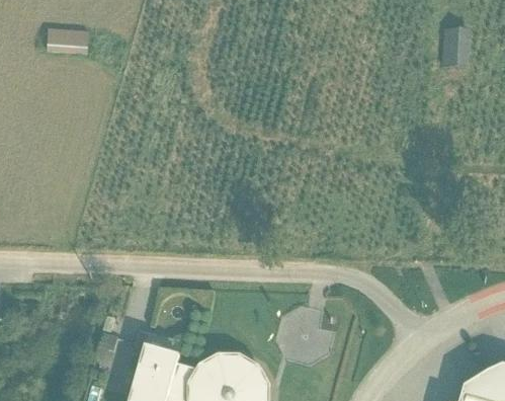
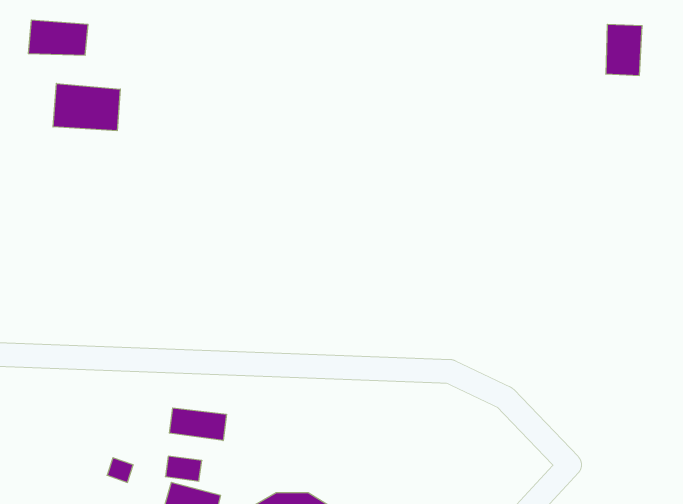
building: none -> [53,83,120,131]
building: none -> [169,408,226,441]

